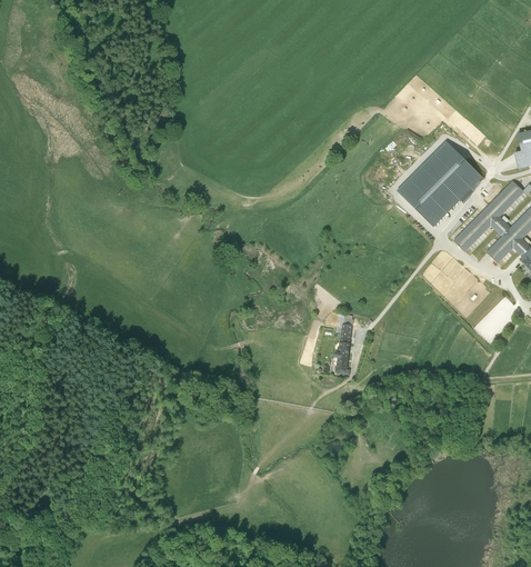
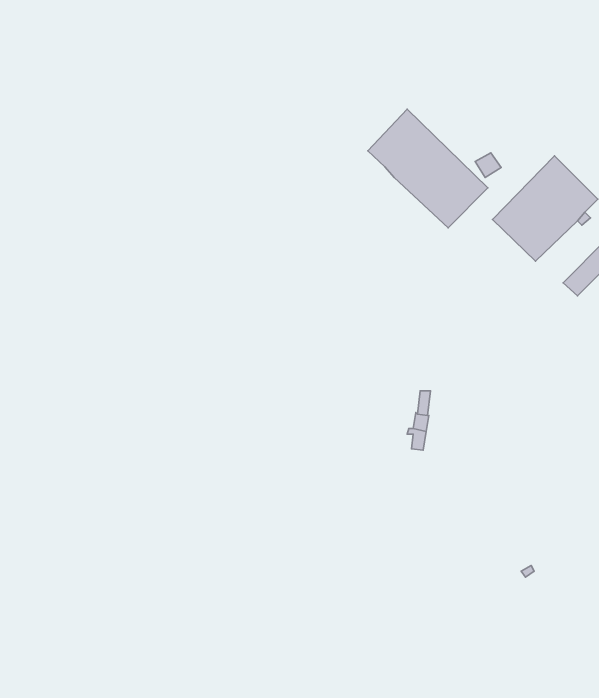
building: none -> [368,109,488,228]

